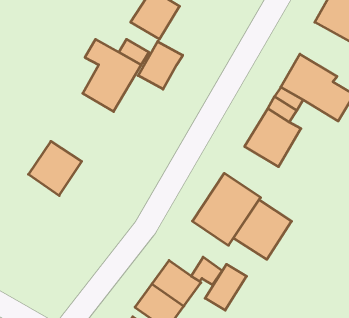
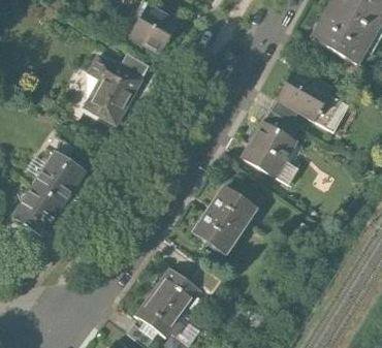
building: [138,41,183,89] -> none
building: none -> [11,185,62,235]
building: [233,200,292,259] -> none
building: [205,264,247,310] -> none

